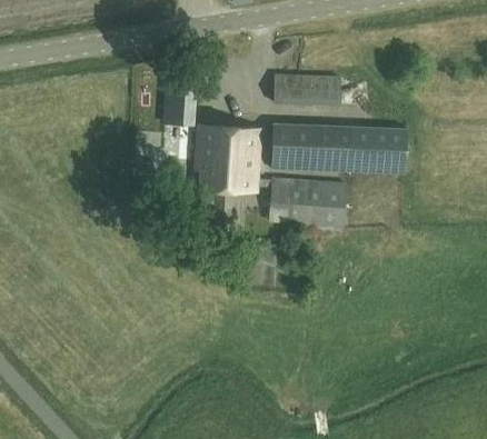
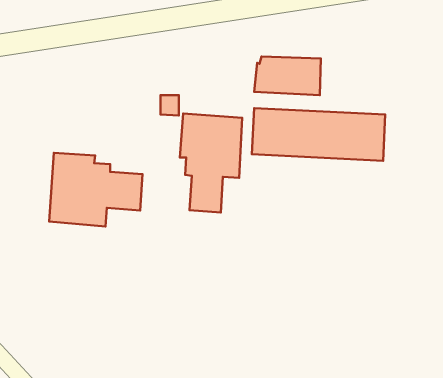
building: none -> [49,153,143,227]
building: [269,178,347,229] -> none

